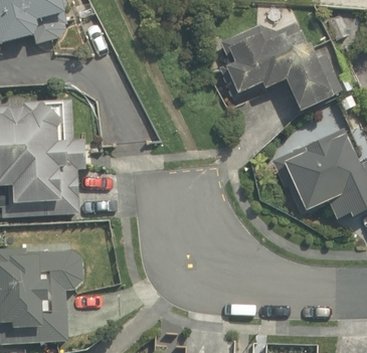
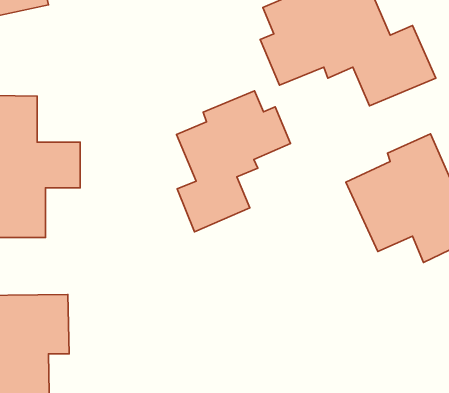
building: none -> [176,91,291,232]

